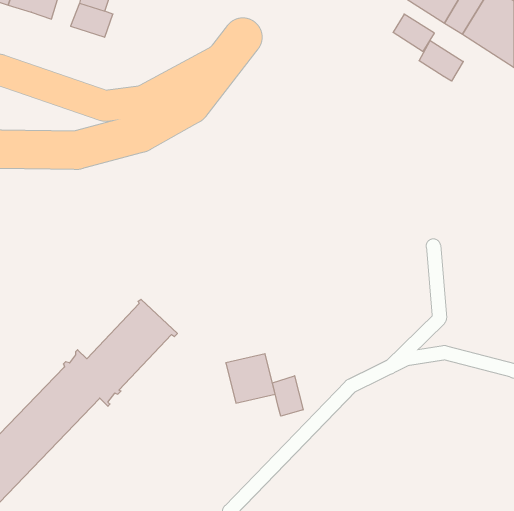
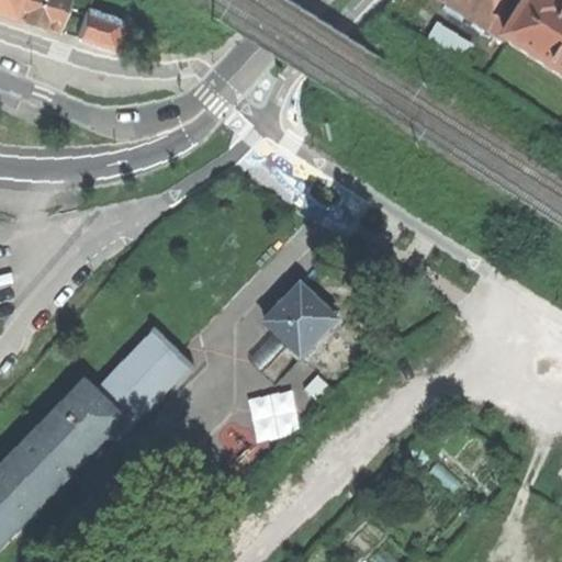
building: [419,40,463,81] -> none
building: none -> [266,283,337,356]
building: [272,376,303,416] -> none

